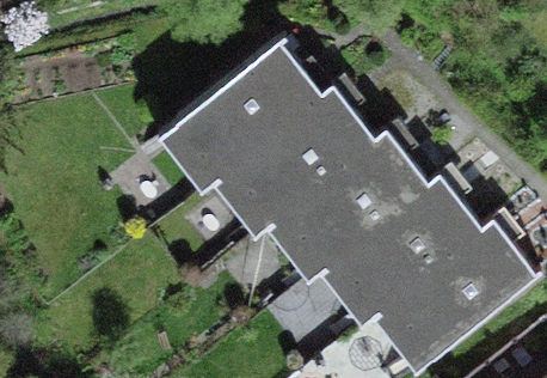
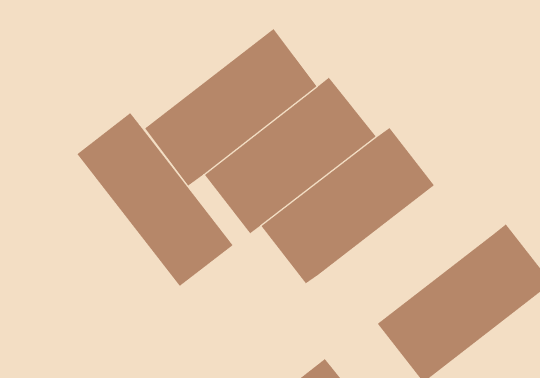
building: none -> [77,112,234,287]
building: [324,178,483,324] -> none

